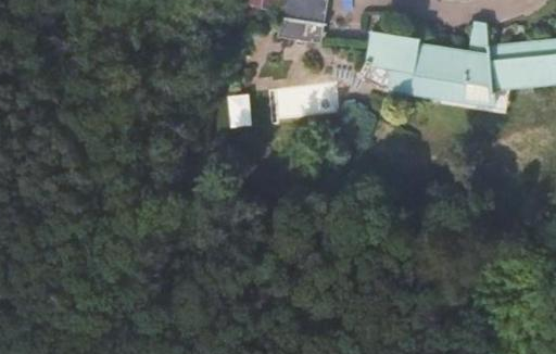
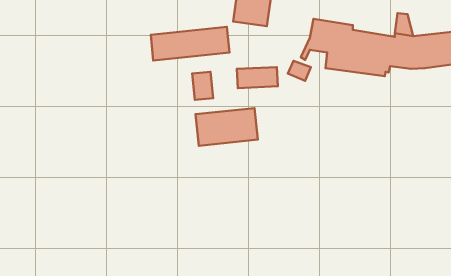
building: none -> [151,27,229,60]
building: none -> [196,108,258,146]

